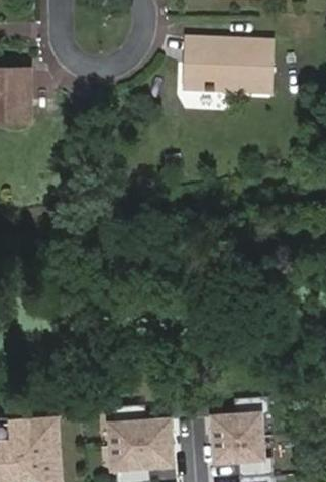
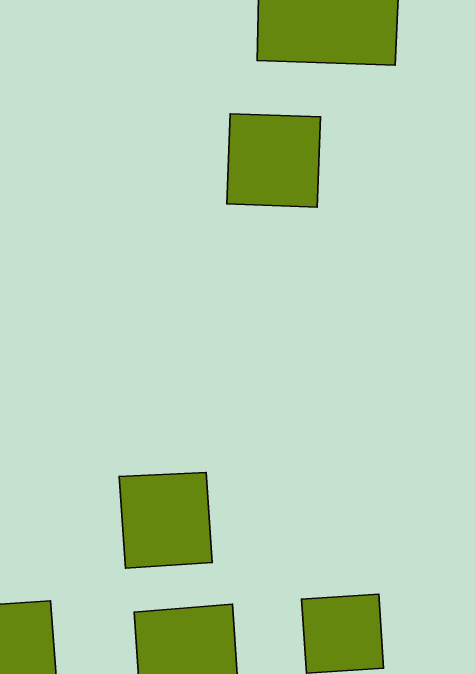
building: none -> [227,114,321,207]
building: none -> [119,473,212,568]

